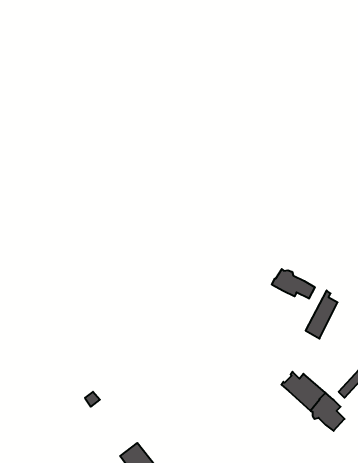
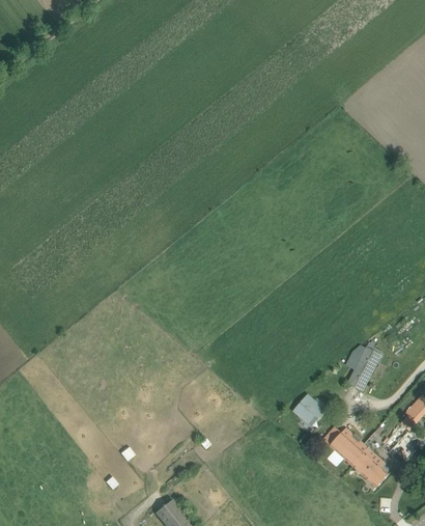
building: [272,269,315,299] -> none
building: none -> [292,395,325,426]

